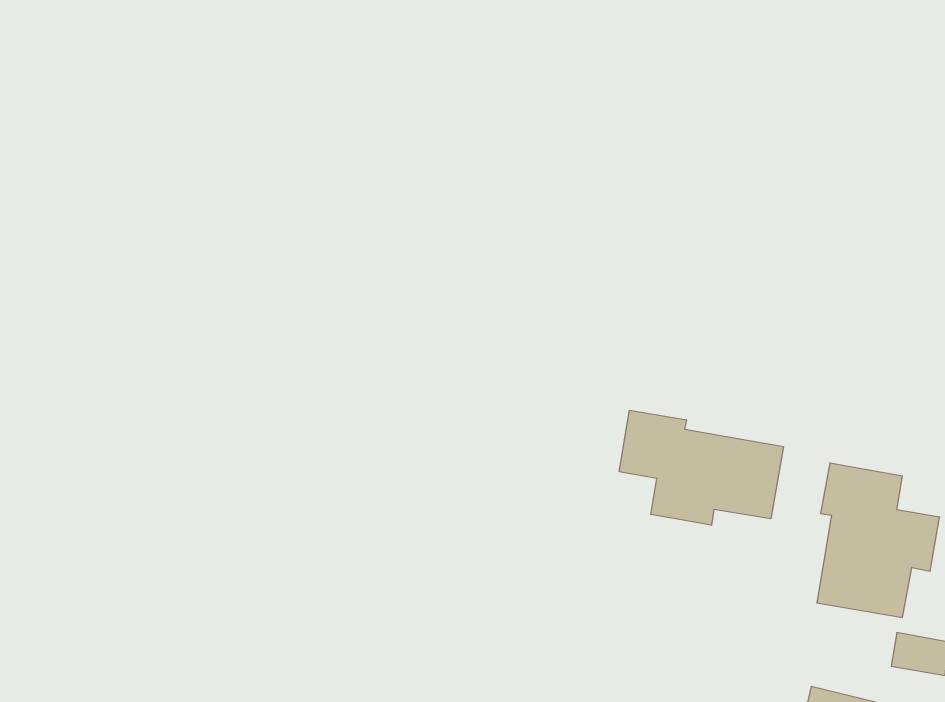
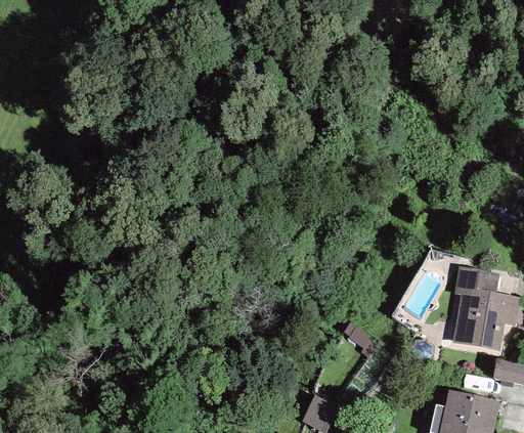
building: [619,410,783,525] -> none

